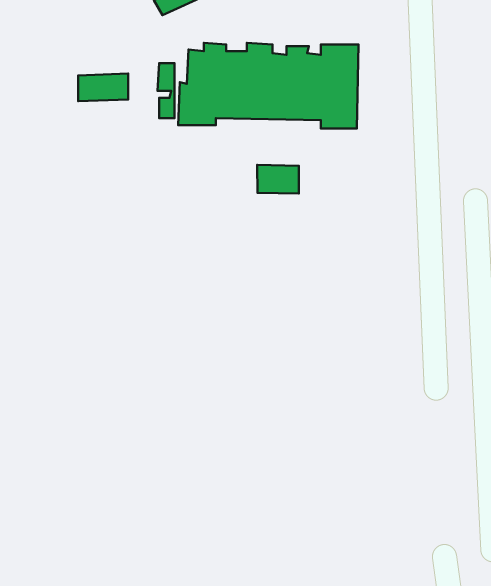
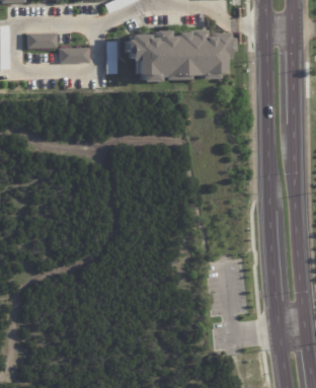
building: none -> [28,33,58,49]
building: [257,165,299,194] -> none

